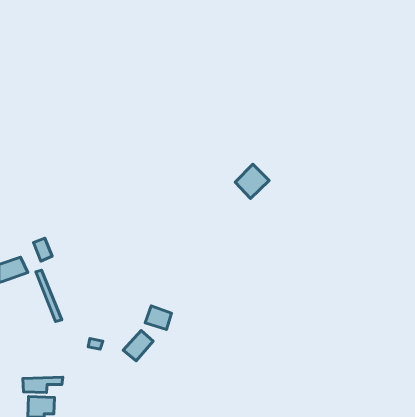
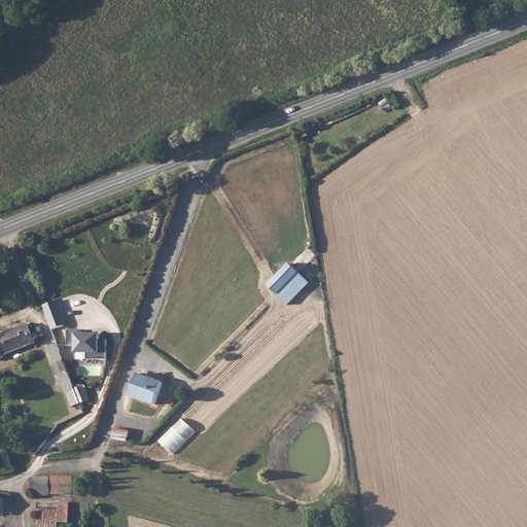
building: [235,164,269,198] -> [266,261,309,305]
building: none -> [66,331,107,358]
building: [145,306,171,329] -> [130,375,163,405]

